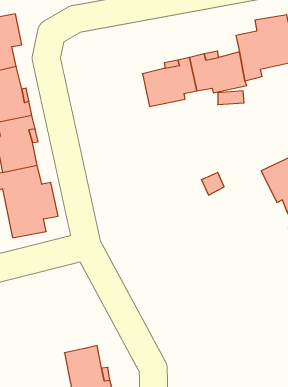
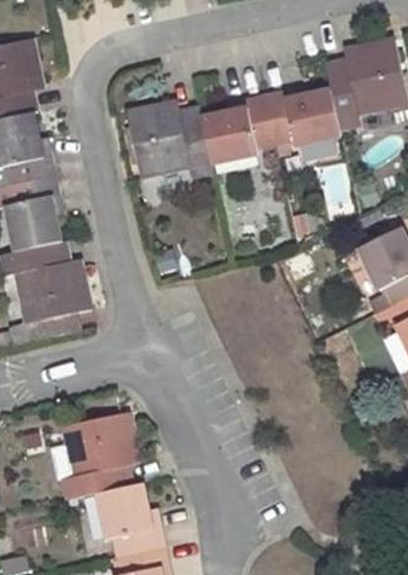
building: none -> [127,101,211,178]
building: none -> [60,412,134,496]

